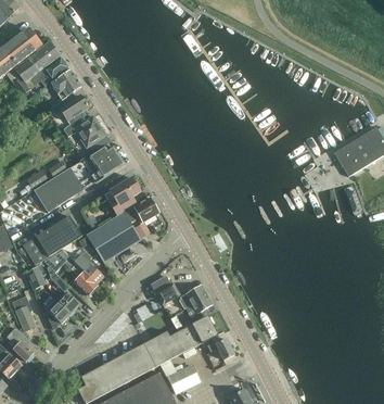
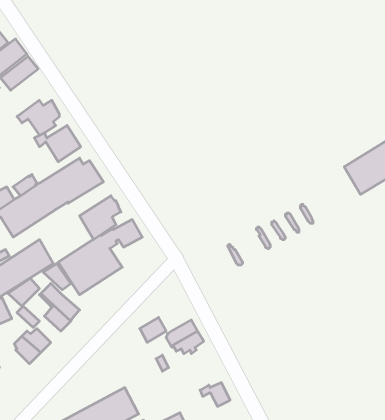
building: [51,68,81,105] -> none
building: [144,314,218,365] -> none

